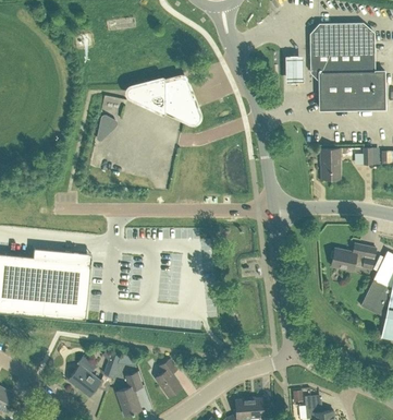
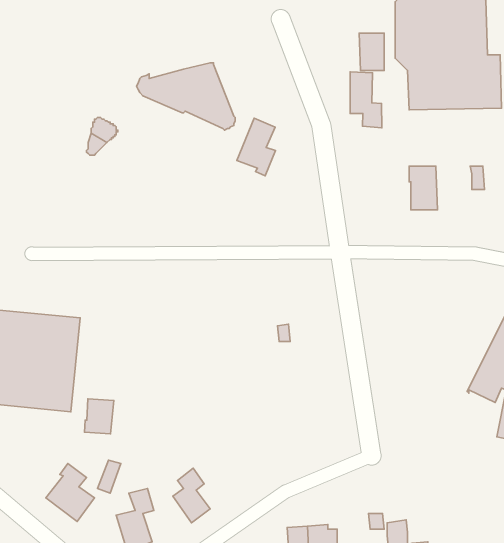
building: none -> [350,72,382,128]
building: none -> [237,118,275,176]
building: [330,243,376,271] -> none
building: none -> [85,399,114,434]

